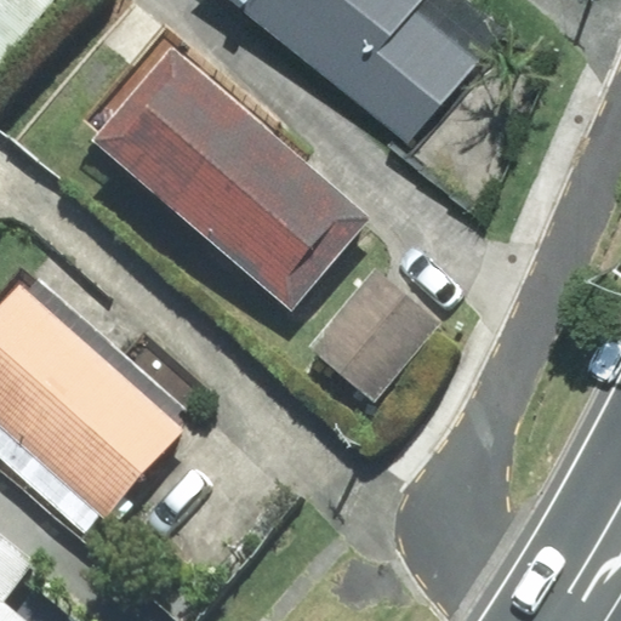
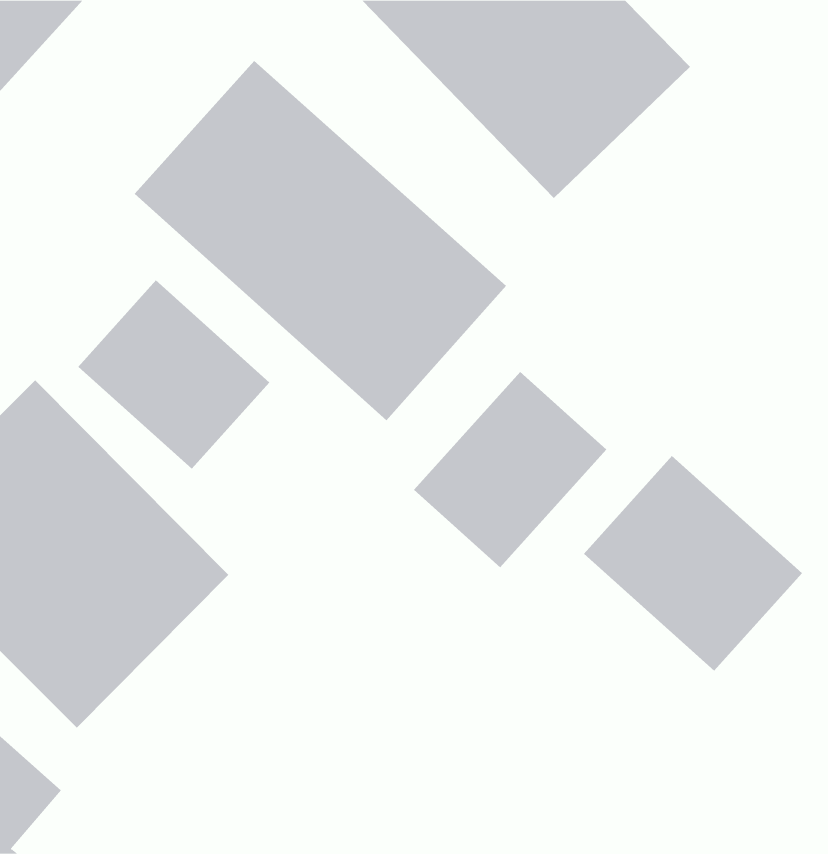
building: none -> [77,280,270,470]
building: none -> [583,455,803,672]

